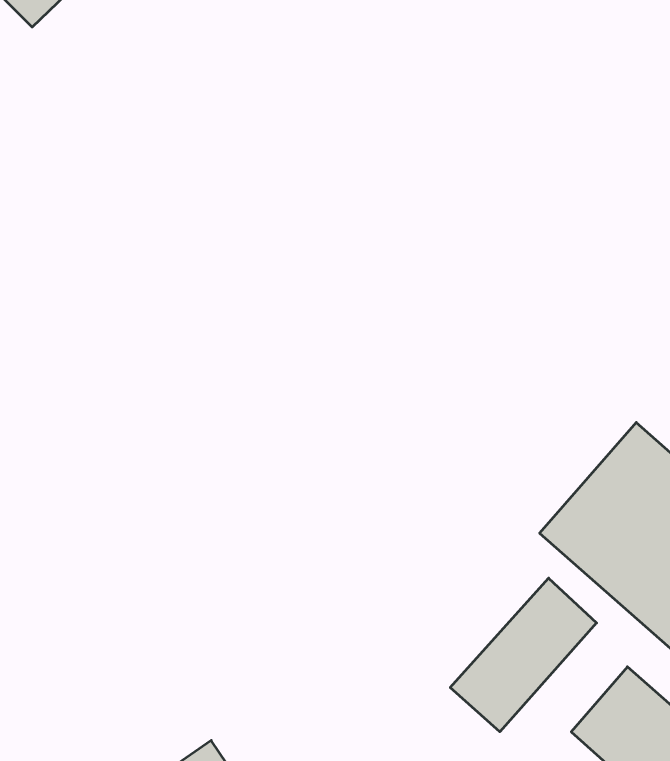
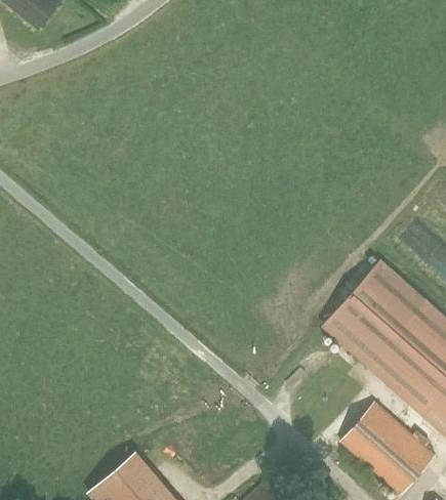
building: [450,578,597,732] -> none

